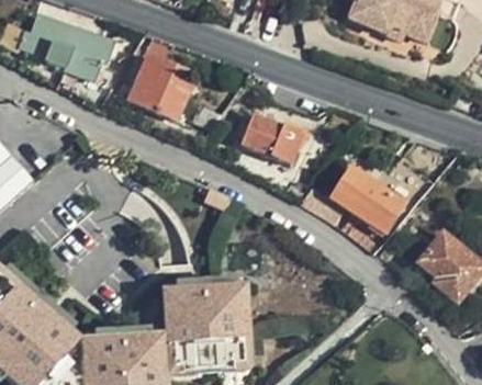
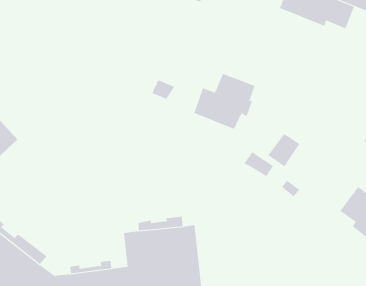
building: [19,15,112,81] -> none
building: [113,33,191,121] -> none
building: [352,181,402,229] -> none

